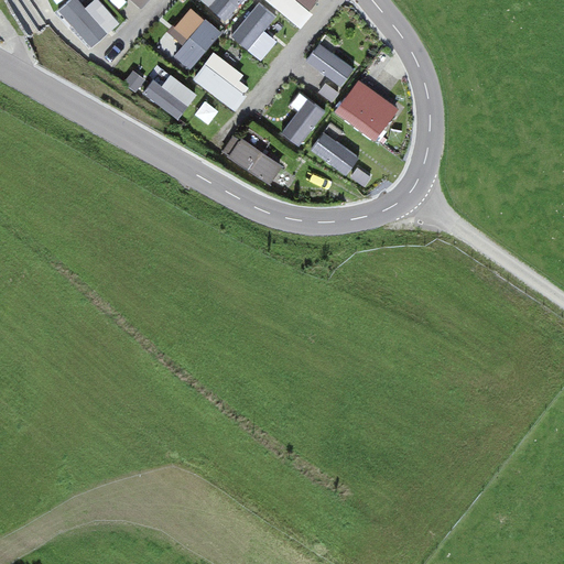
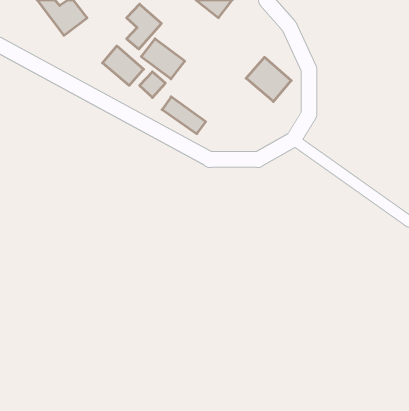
building: [235,15,282,62] -> none
building: [301,44,354,97] -> none
building: [280,96,324,145] -> none
building: [311,128,361,177] -> none

